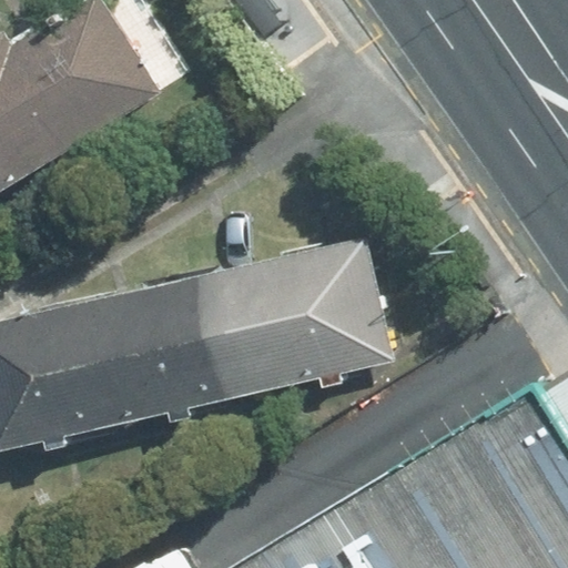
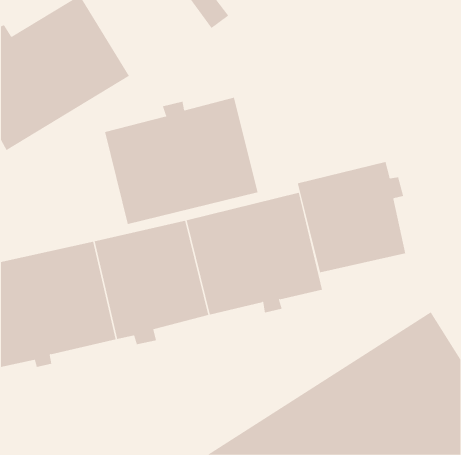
building: none -> [105,97,258,225]
building: none -> [297,161,406,273]

